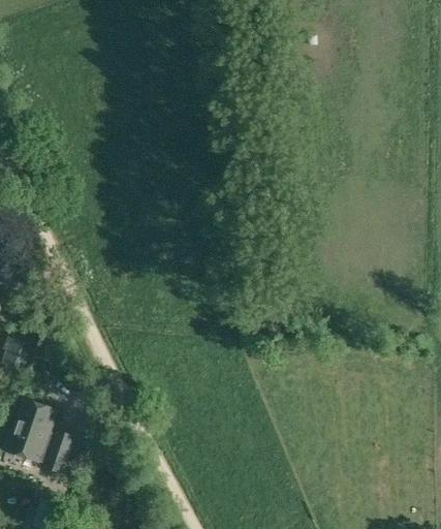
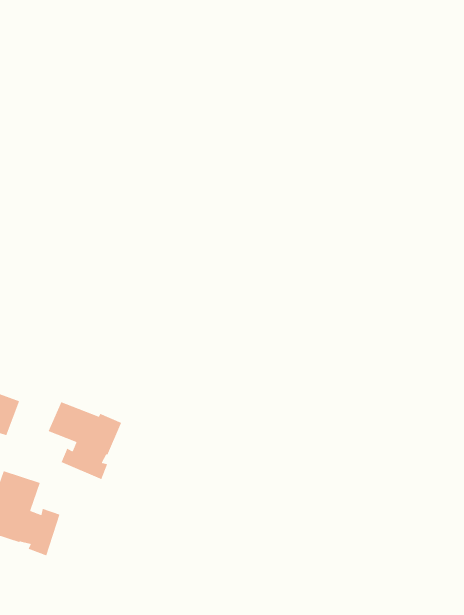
building: none -> [48,401,122,480]

